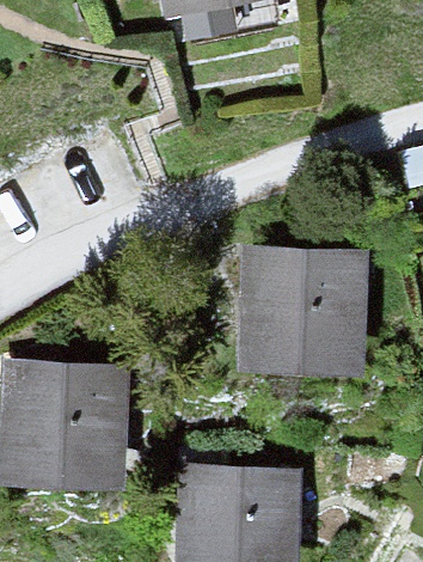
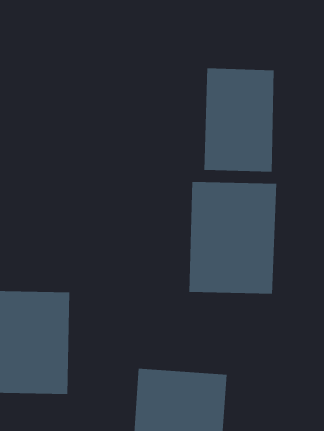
building: none -> [204,68,274,173]

